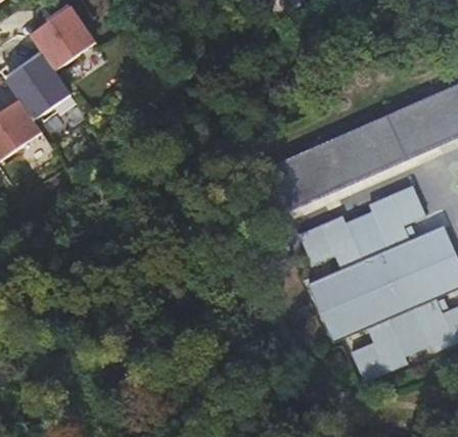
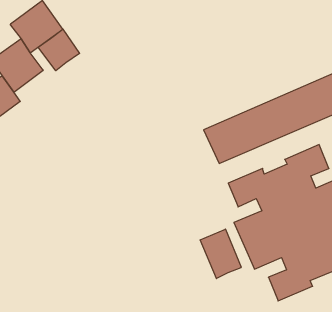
building: none -> [38,29,80,71]
building: none -> [200,229,241,279]

